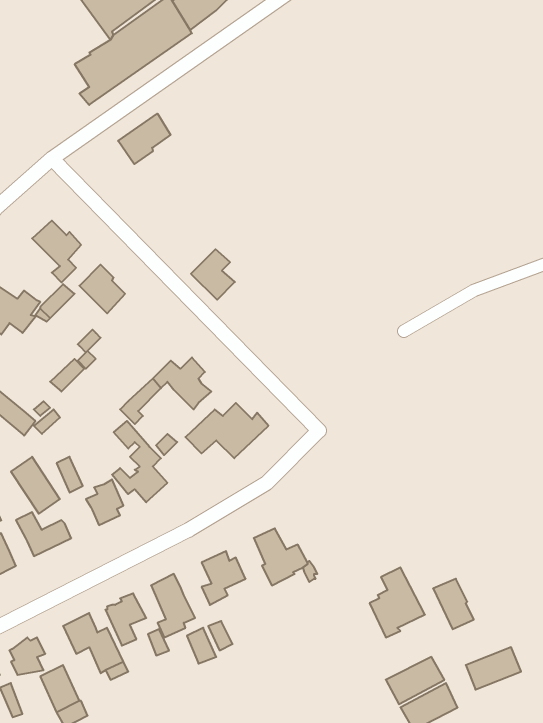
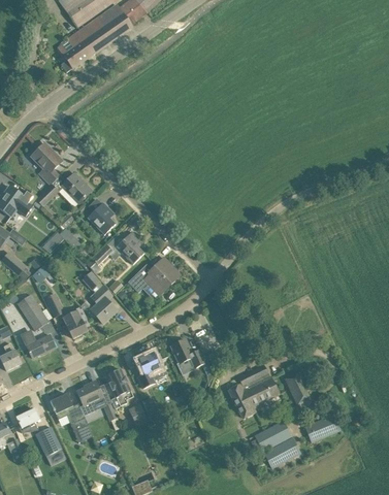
building: [118,114,171,164] -> none
building: [191,249,235,300] -> [87,202,115,234]
building: none -> [228,370,255,418]

